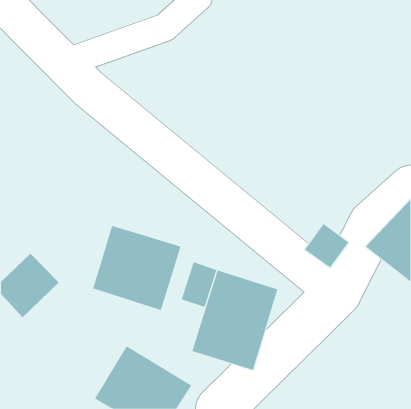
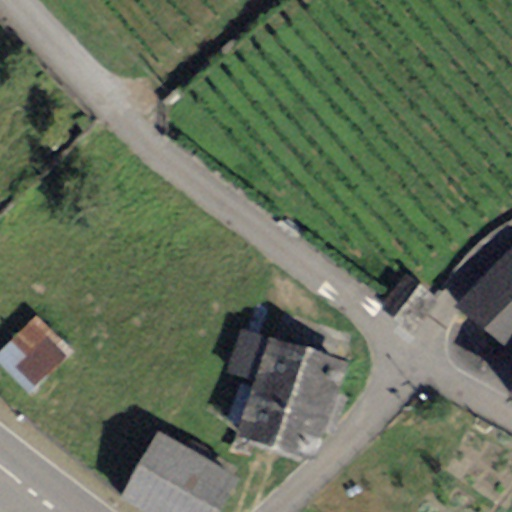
building: [92,225,181,311] -> none

